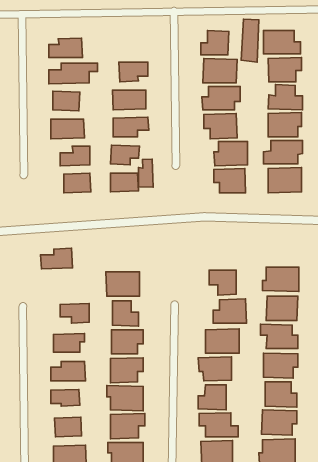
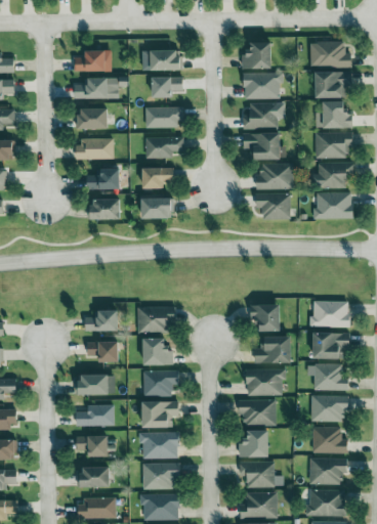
building: [241,19,259,62] -> none
building: none -> [142,49,181,70]
building: [138,159,153,187] -> none
building: [41,248,72,269] -> [85,309,120,332]

